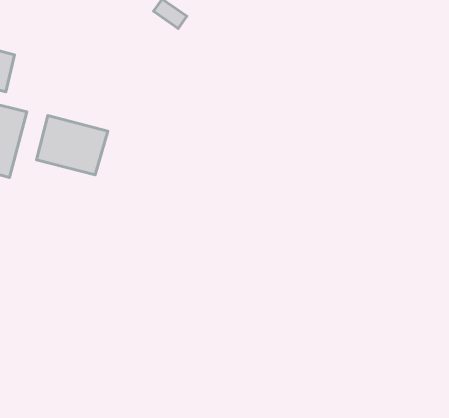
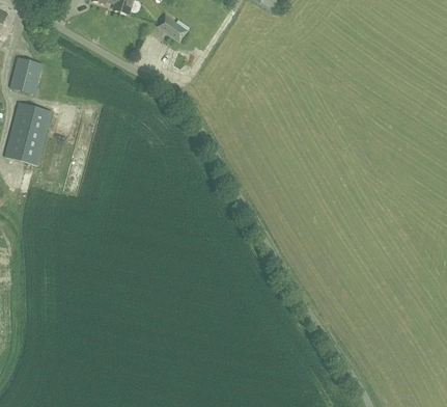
building: [37,115,108,175] -> none

